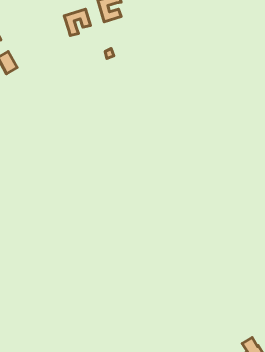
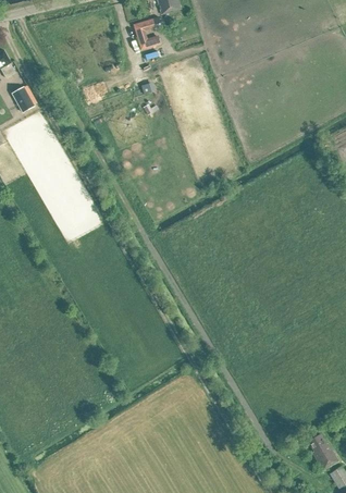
building: [64,9,90,36] -> none

